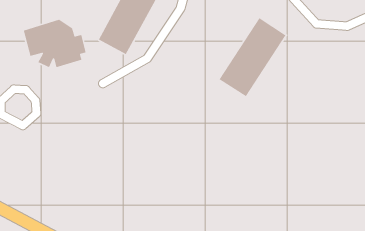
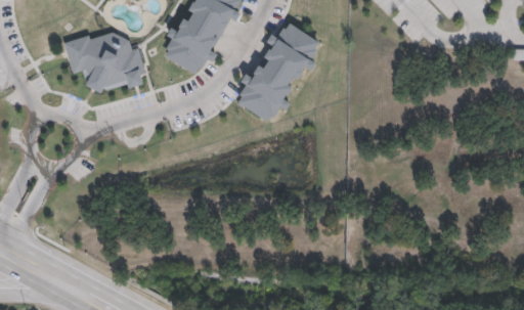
building: [219,17,287,97] -> [235,21,321,123]

